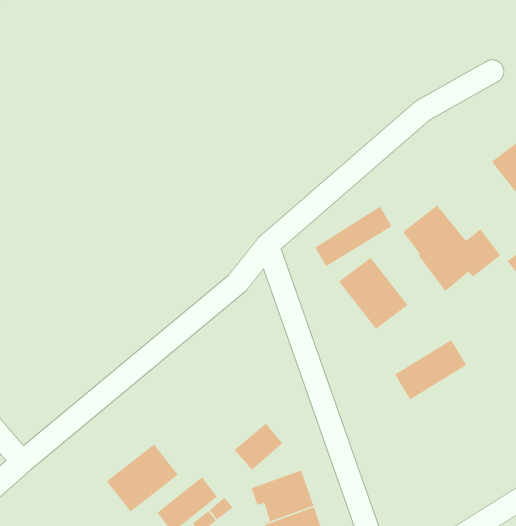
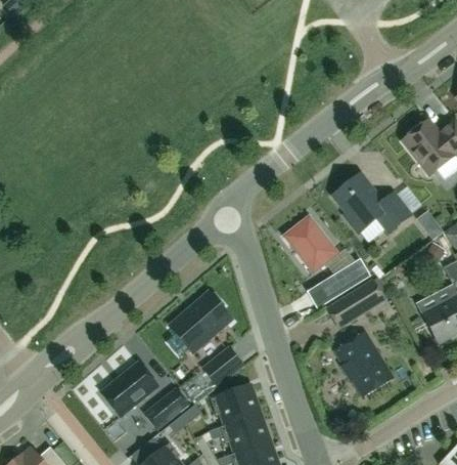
building: [314,206,392,267] -> [307,258,368,306]
building: none -> [166,292,230,355]
building: none -> [333,331,393,396]

